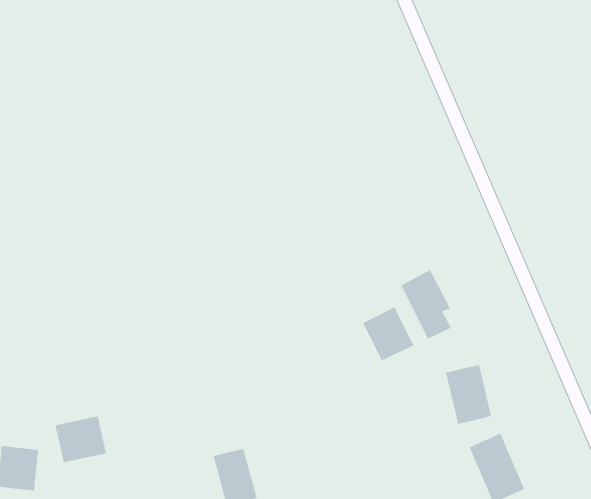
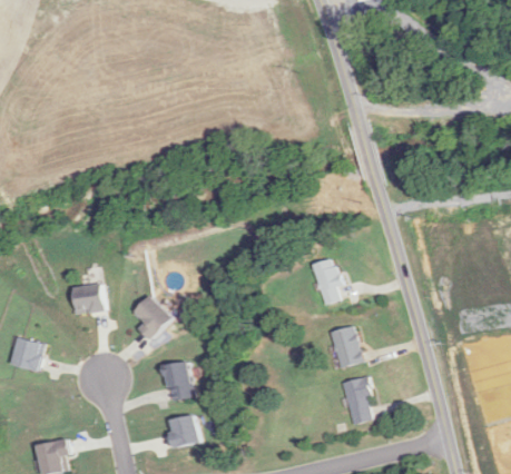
building: [363,306,414,361] -> none
building: none -> [132,296,171,339]
building: [54,416,107,463] -> [71,284,105,313]

